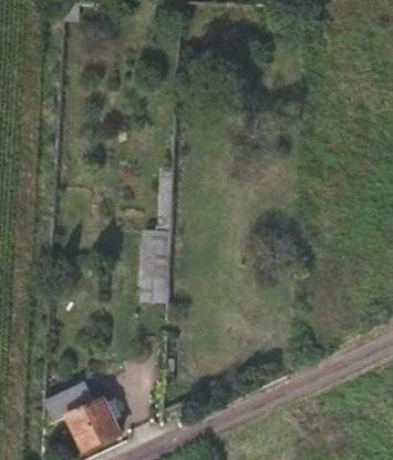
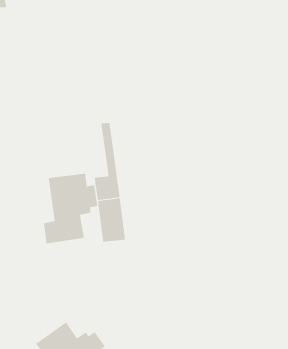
building: none -> [44,173,98,244]

